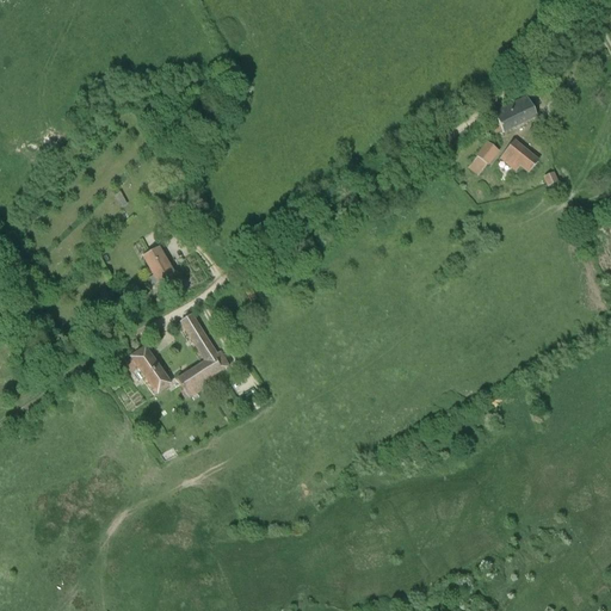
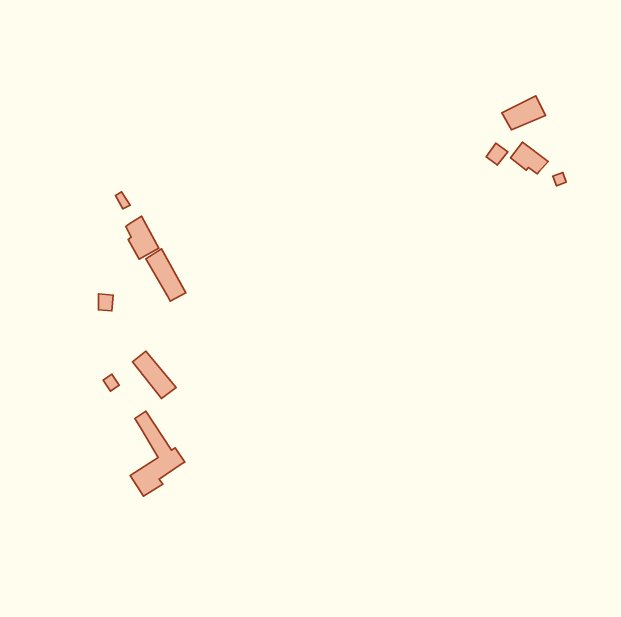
building: none -> [126,216,159,259]
building: [175,313,229,396] -> [130,411,185,496]

